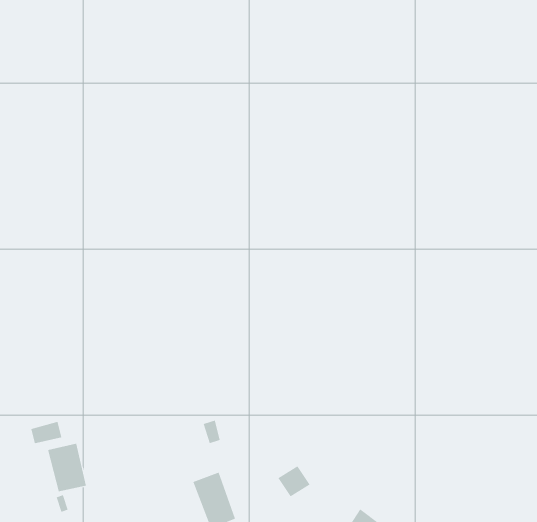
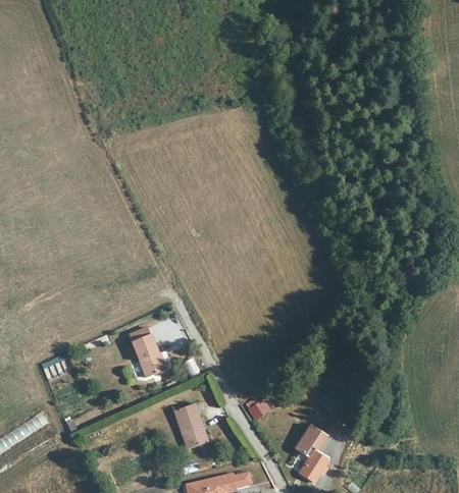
building: none -> [131,332,164,373]
building: [47,443,87,492] -> none

